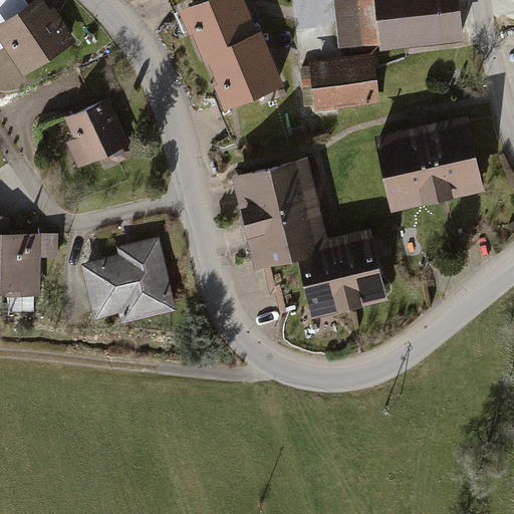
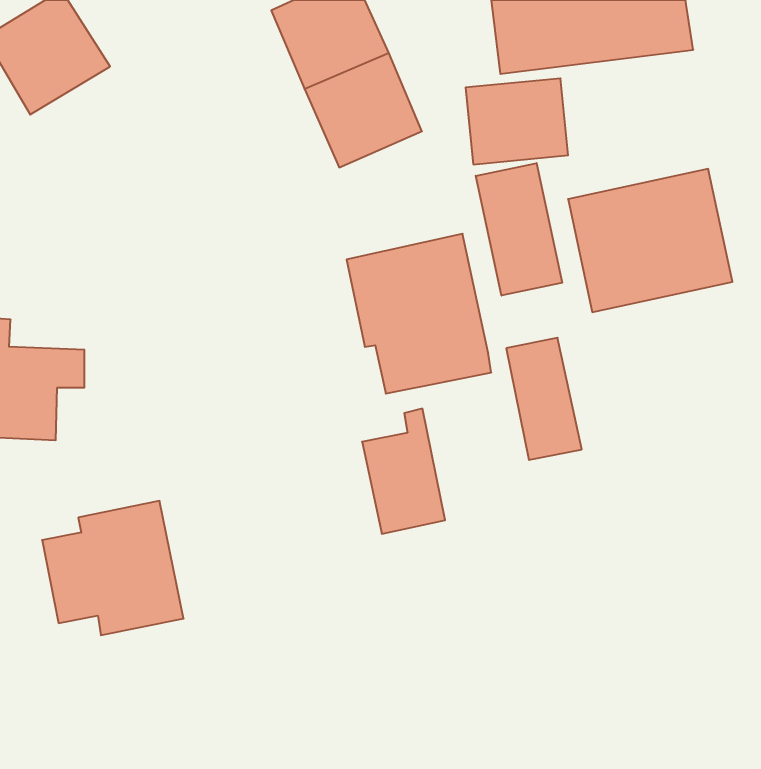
building: [63,99,126,170] -> none
building: none -> [476,163,562,296]
building: [297,233,352,316] -> [362,409,445,534]
building: [81,237,176,326] -> [42,501,184,635]

